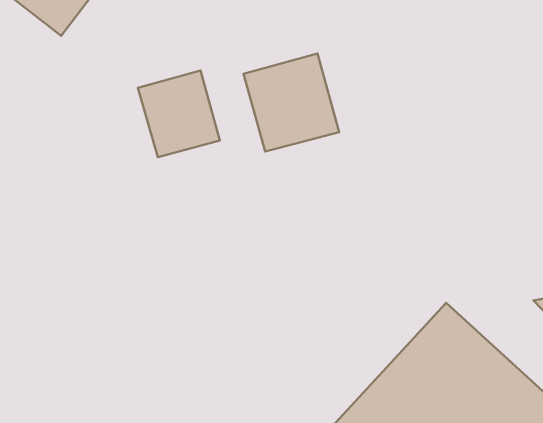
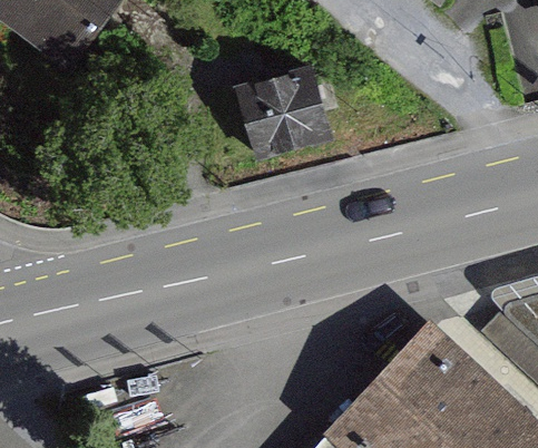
building: [138,71,220,157] -> none

